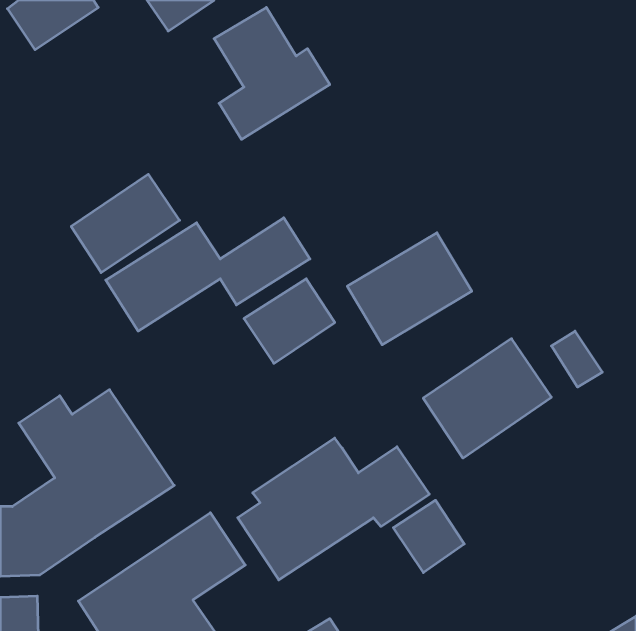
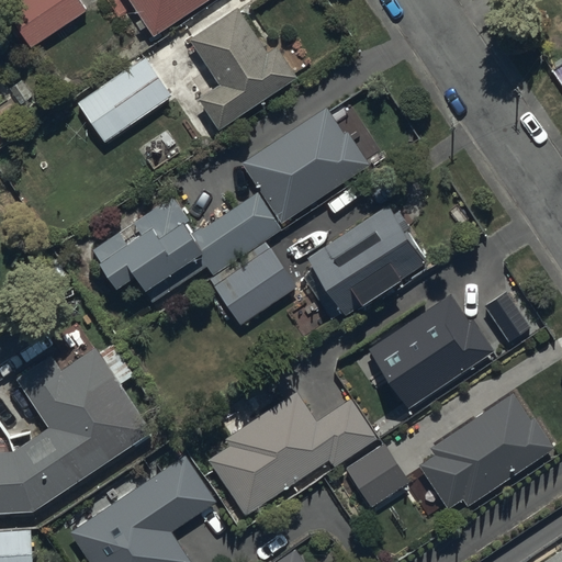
building: none -> [245,110,362,217]
building: [71,174,180,273] -> [77,57,172,144]
building: none -> [423,395,548,505]

